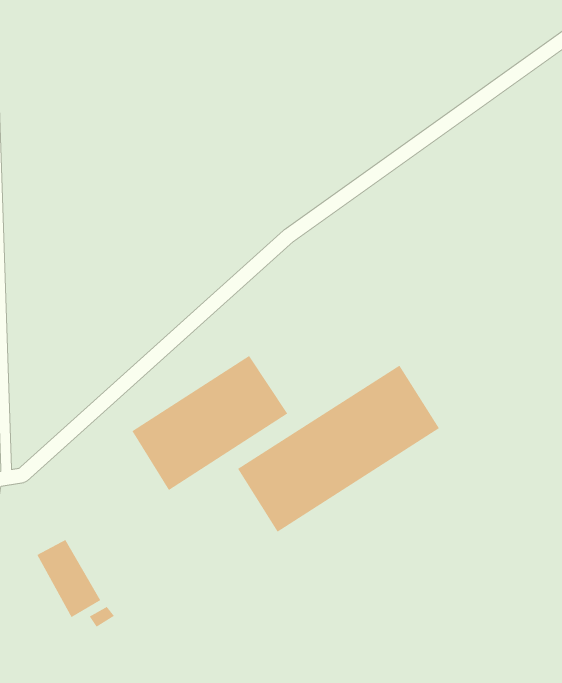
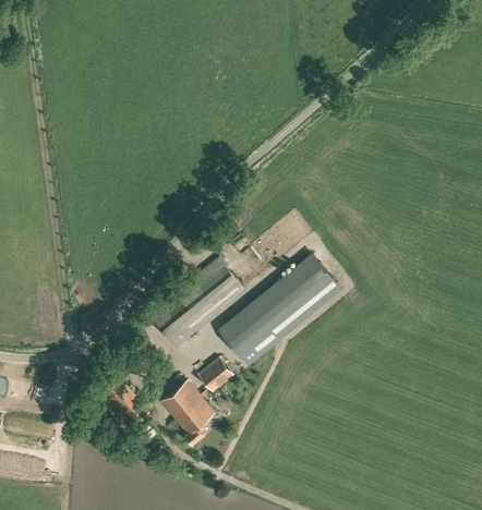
building: none -> [195,354,233,391]
building: none -> [159,379,213,444]

